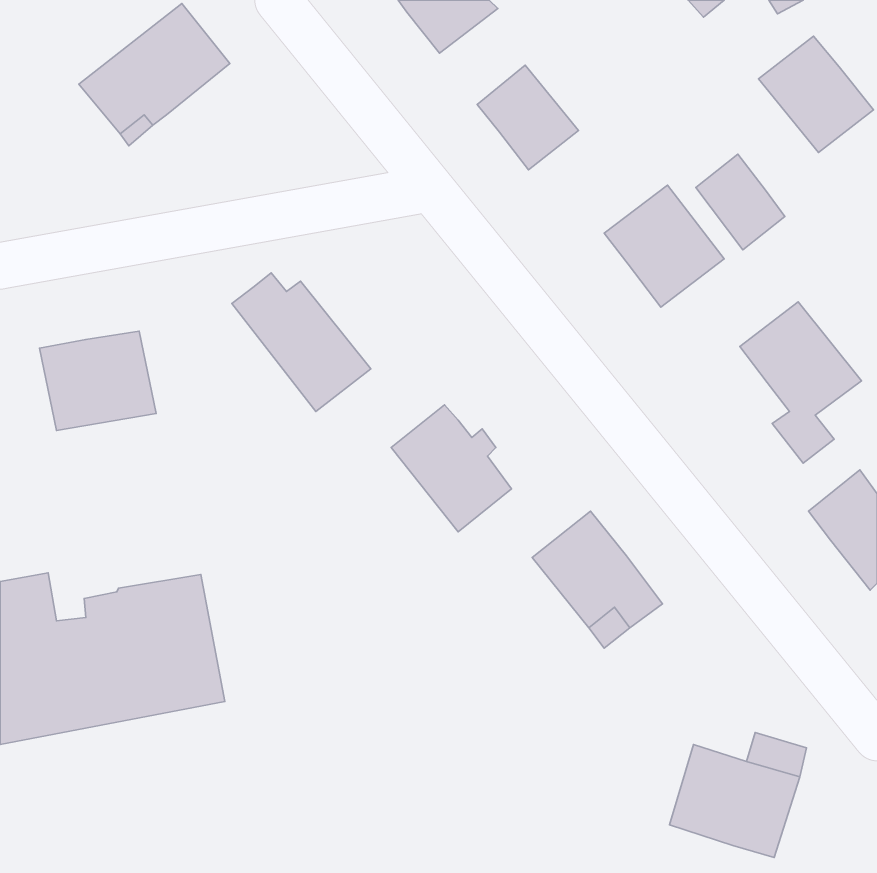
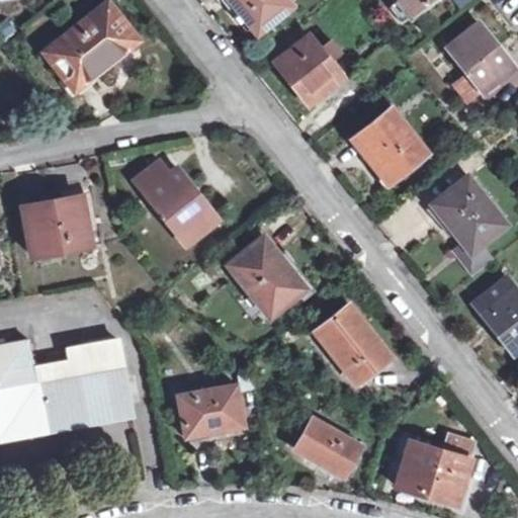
building: [696,154,785,250] -> none
building: none -> [180,386,244,434]
building: none -> [294,418,363,479]

